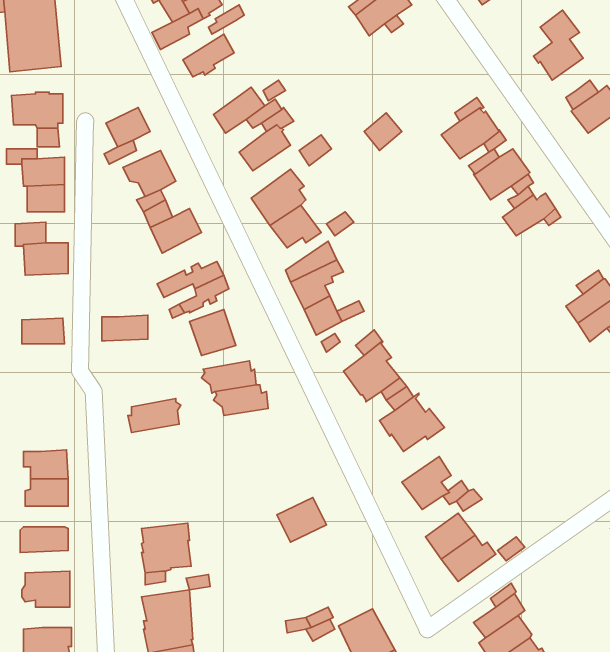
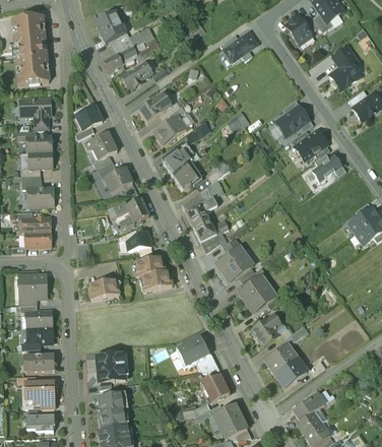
building: [102,315,148,341] -> [22,216,50,232]
building: none -> [19,274,46,298]
building: none -> [201,375,229,401]

